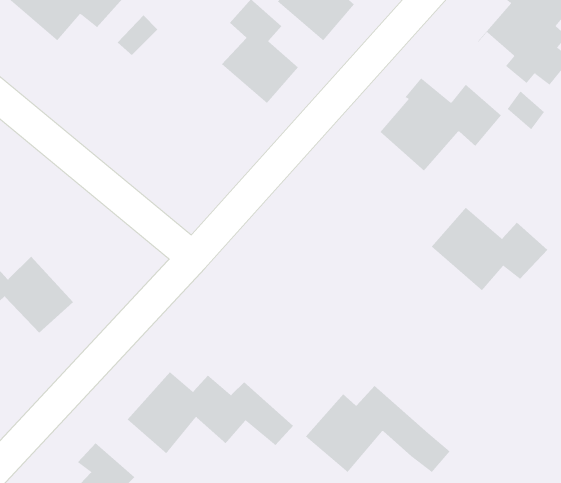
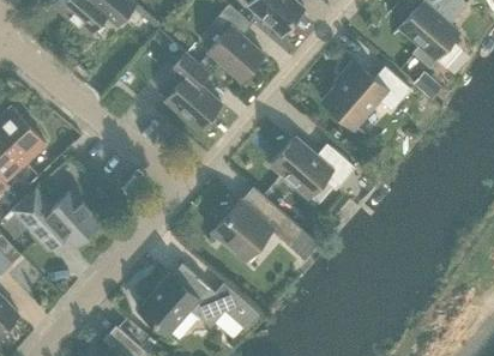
building: none -> [164,53,221,129]
building: [431,207,548,291] -> [270,137,355,198]
building: [305,385,450,473] -> [212,195,318,259]

